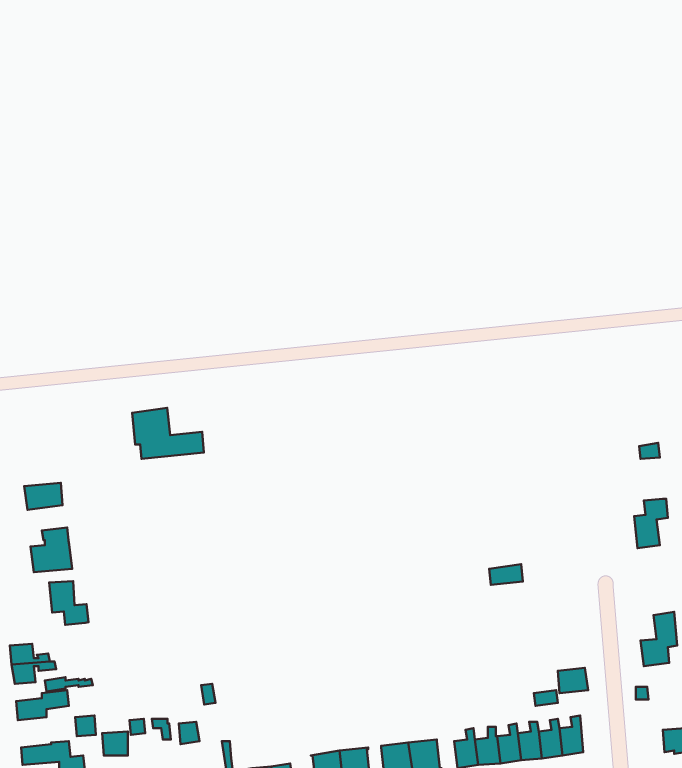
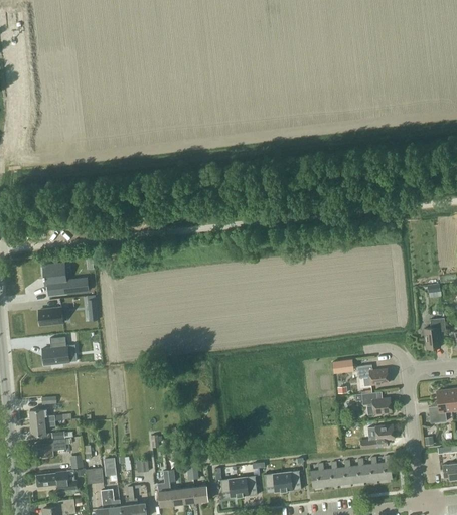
building: [132,408,204,459] -> [42,263,88,295]
building: none -> [357,364,389,384]
building: [49,581,89,625] -> none
building: none -> [355,392,392,413]

